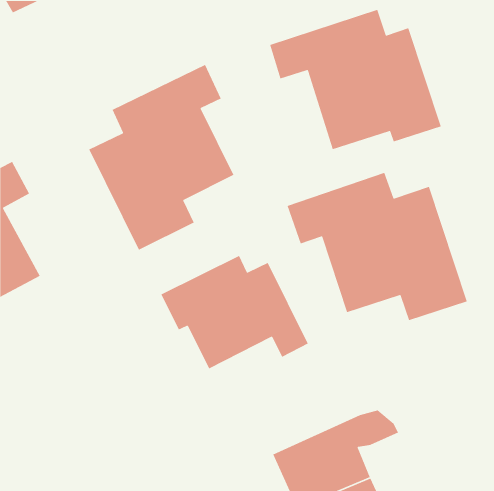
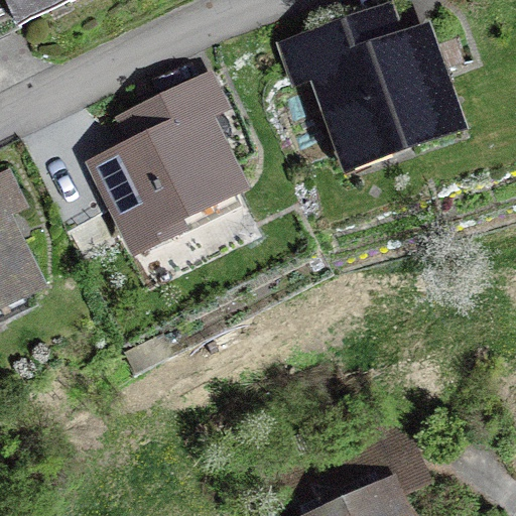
building: [286,172,468,321] -> none
building: [160,255,309,369] -> none

